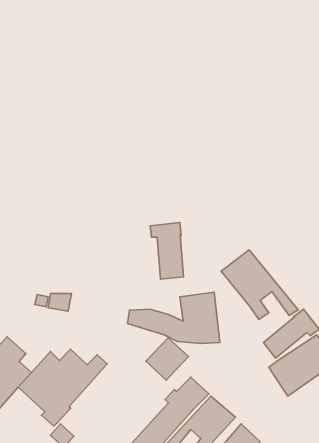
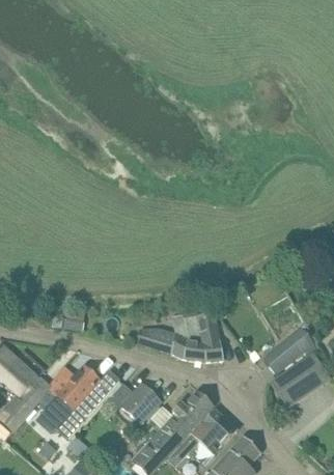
building: [150,222,184,279] -> none
building: [221,250,298,320] -> none
building: [146,338,188,380] -> [119,383,159,422]

